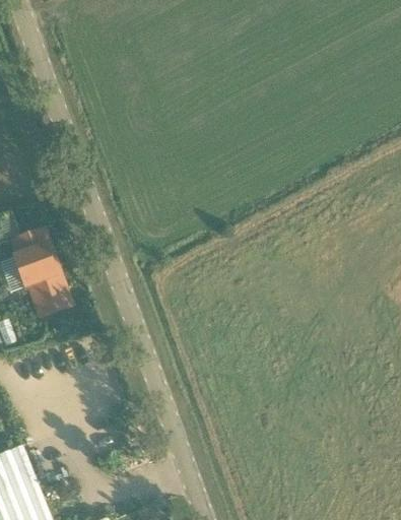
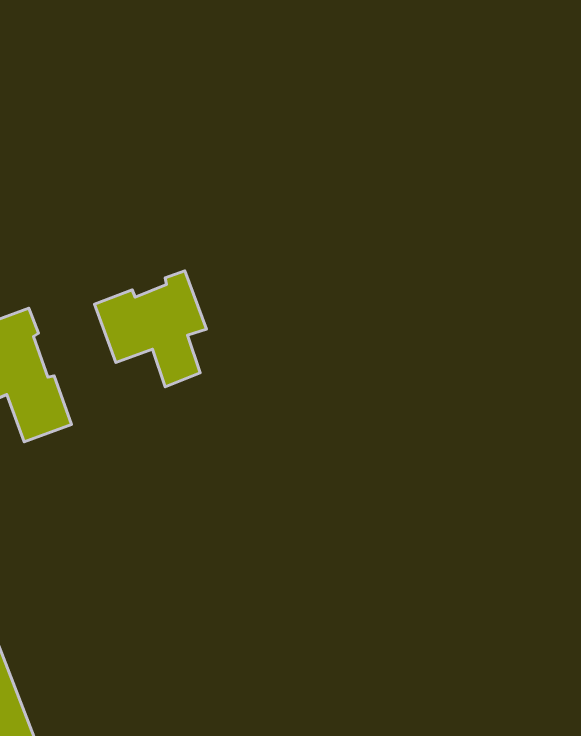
building: none -> [94,271,206,387]

